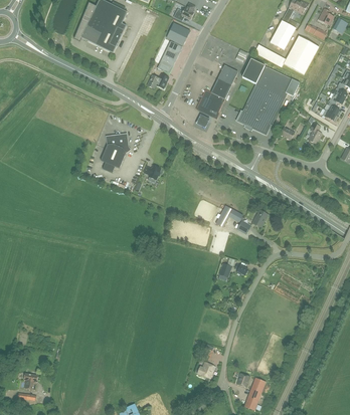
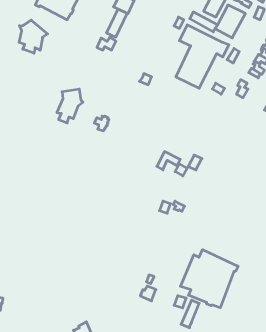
building: none -> [19,20,48,53]
building: [198,64,236,116] -> none
building: none -> [180,250,238,308]

